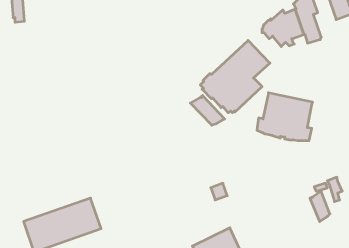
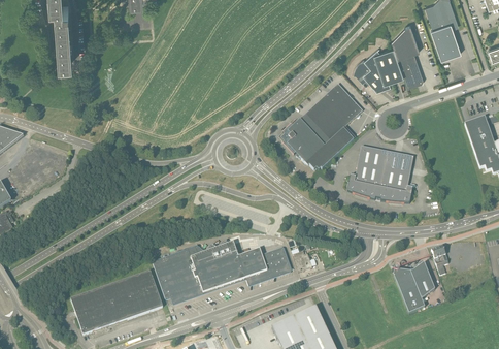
building: [190,95,225,125] -> none
building: none -> [154,242,292,303]
building: none -> [394,268,426,313]

